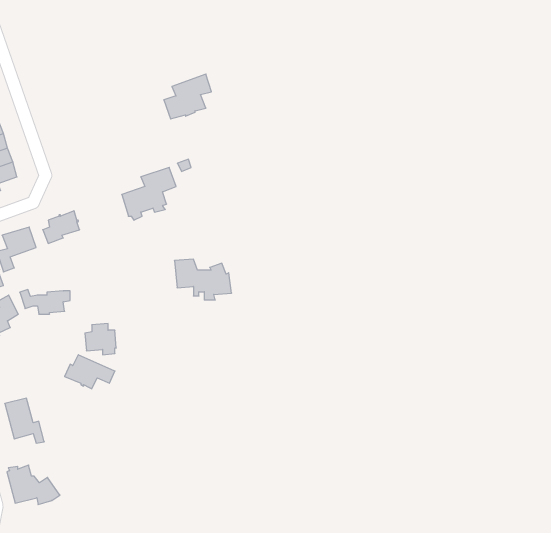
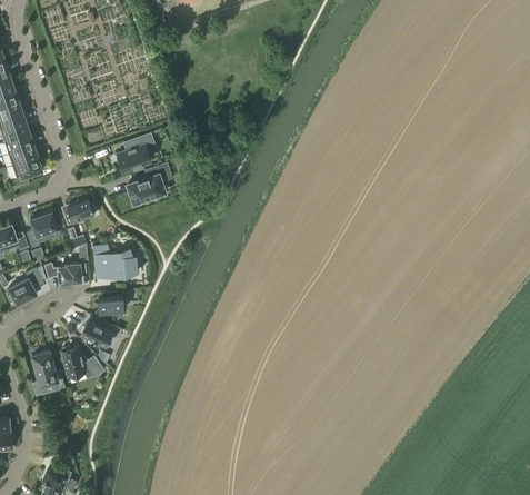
building: [164,74,211,119] -> [116,133,154,170]
building: [174,259,232,300] -> [91,245,138,278]
building: [7,465,60,505] -> [60,347,103,379]

